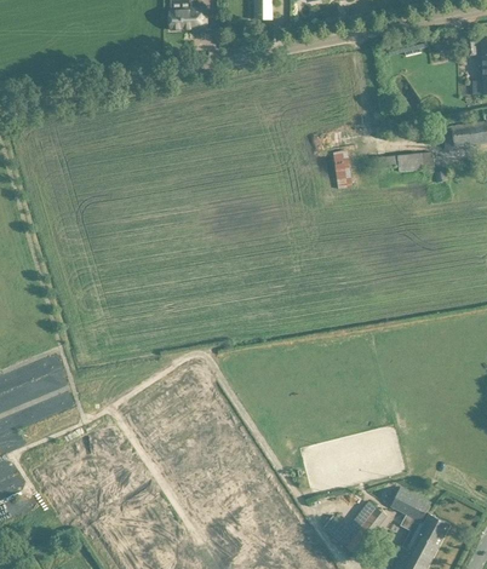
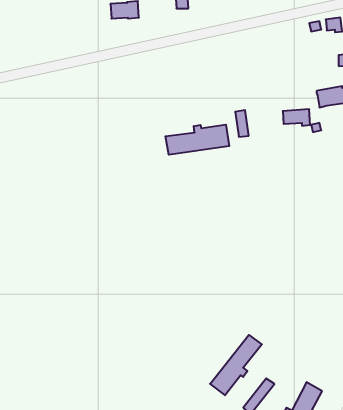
building: none -> [165,125,229,155]
building: none -> [210,335,262,395]
building: [390,485,431,521] -> none

